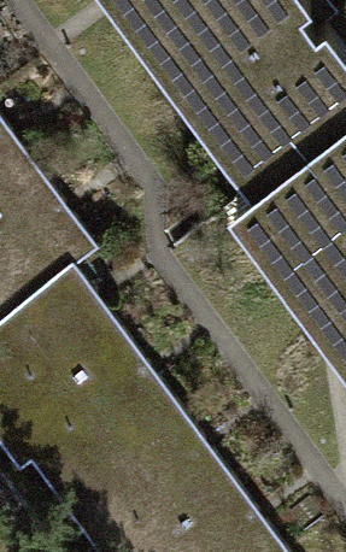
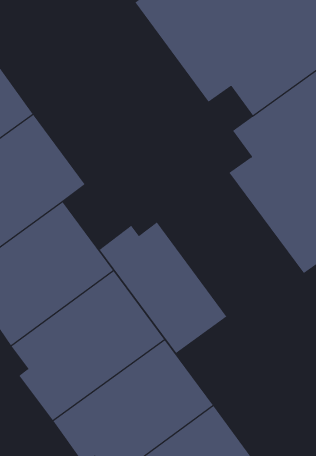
building: none -> [99,222,227,354]

